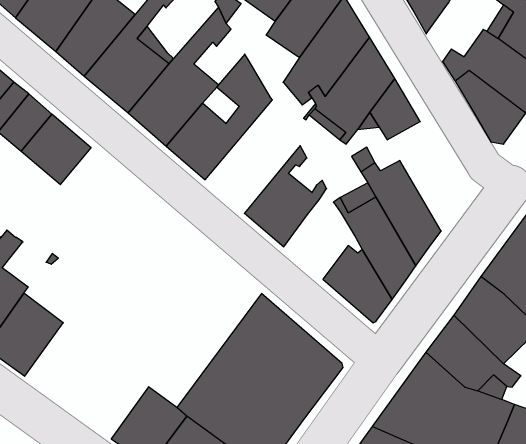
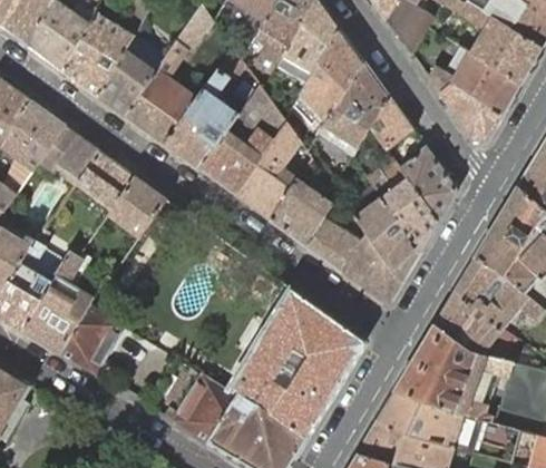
building: none -> [234,123,312,221]
building: none -> [394,148,455,222]
building: none -> [107,176,166,238]
building: none -> [305,213,365,271]

